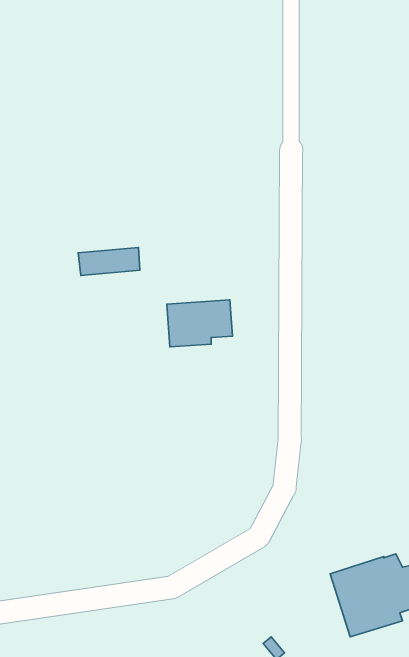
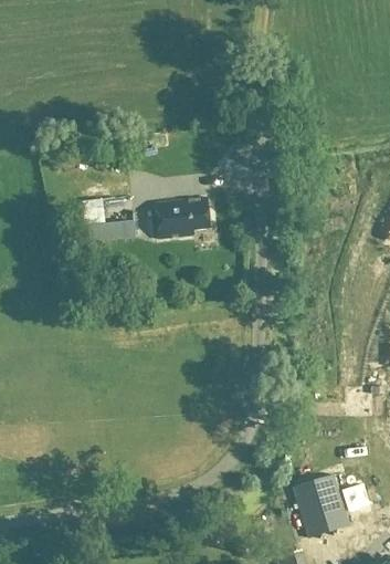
building: [167,300,233,347] -> [154,199,208,238]

